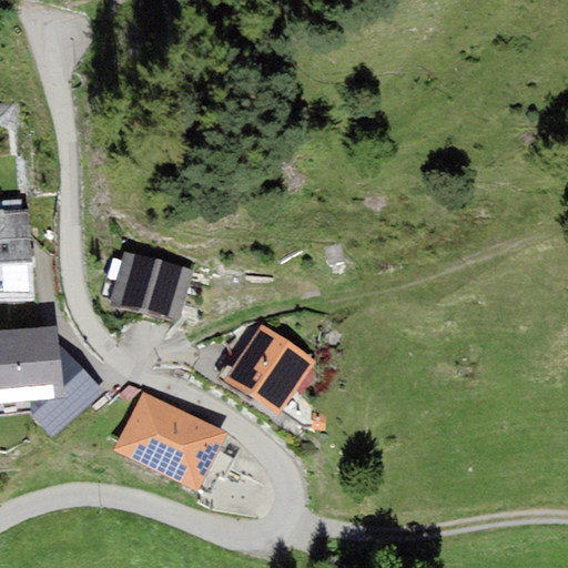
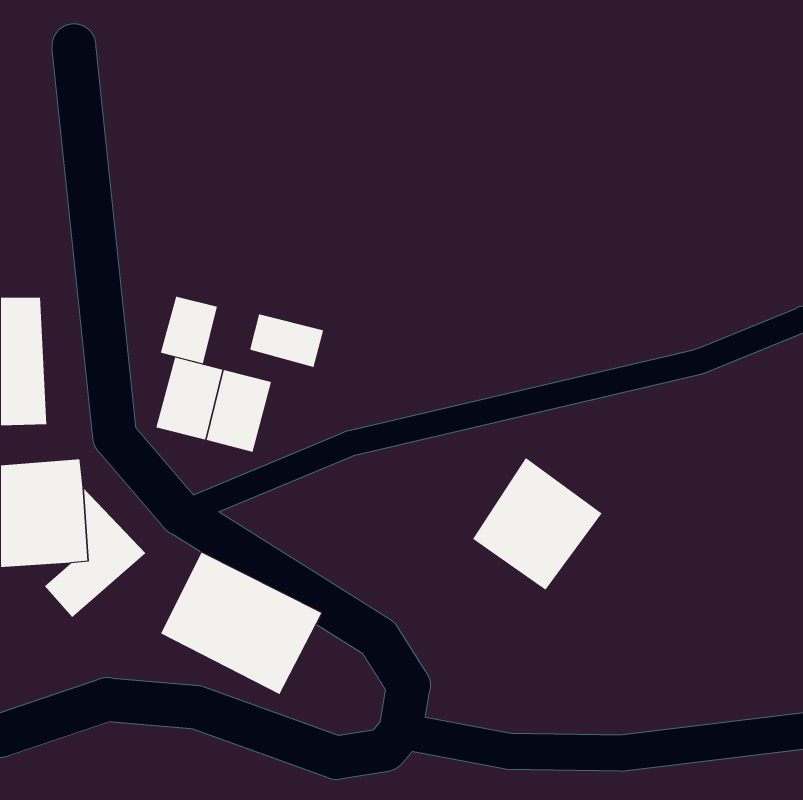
building: none -> [160,296,218,364]
building: none -> [249,314,324,368]
building: [223,322,315,416] -> [472,457,603,591]

